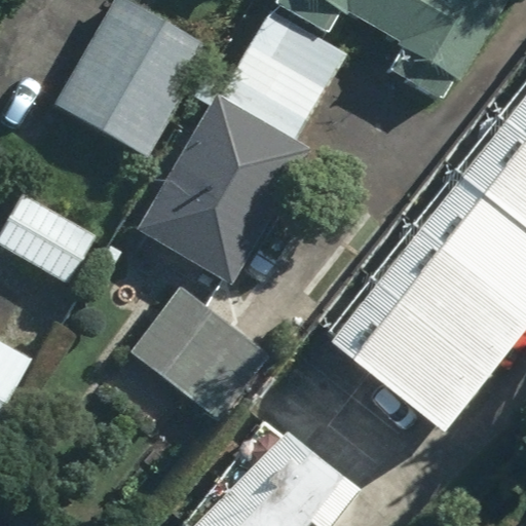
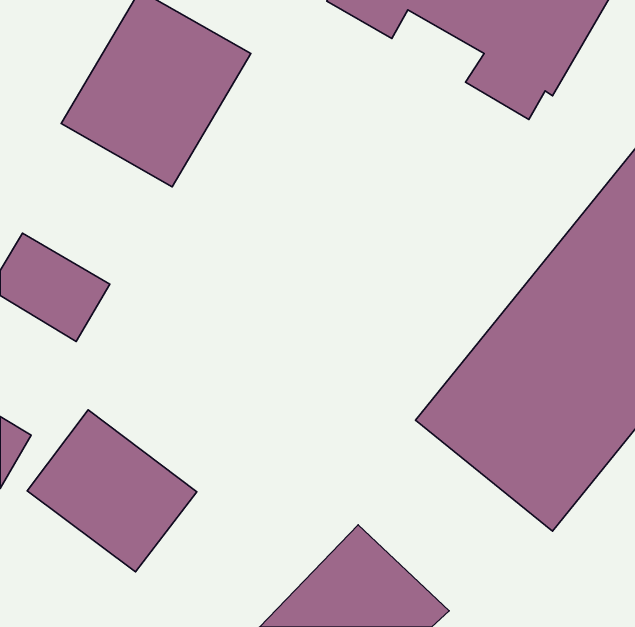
building: [225,8,344,125] -> none
building: [132,92,307,284] -> none
building: [128,284,268,417] -> [27,410,197,572]

